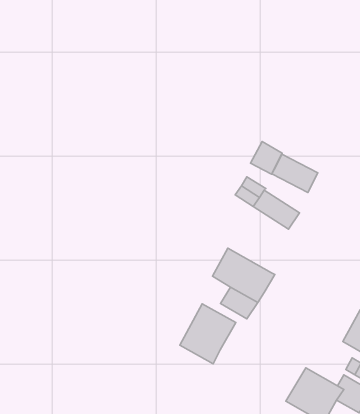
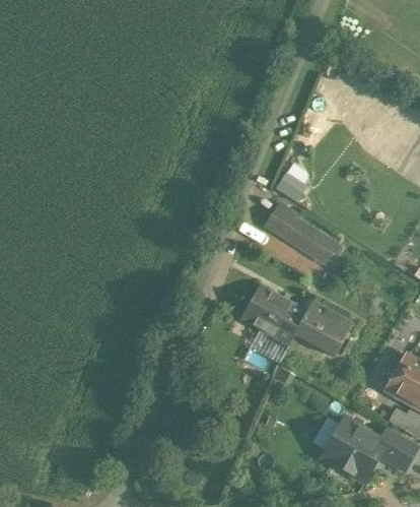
building: [272,154,318,193] -> none
building: none -> [296,299,353,356]
building: [180,304,236,364] -> none

